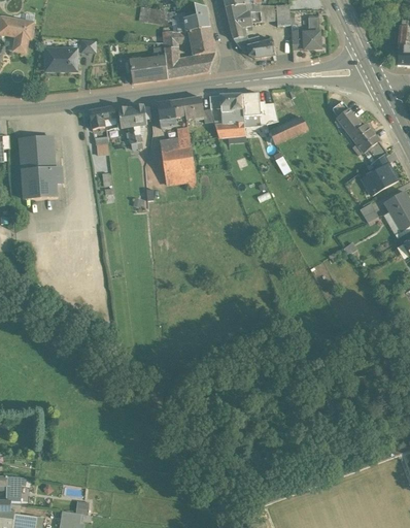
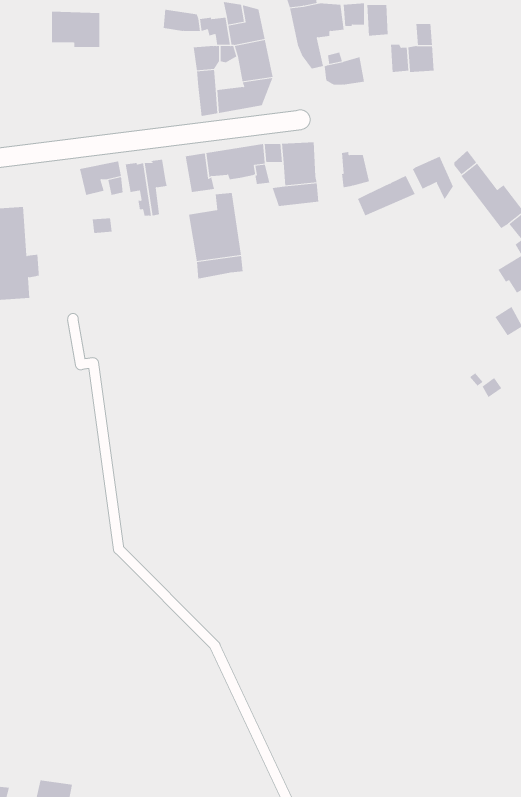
building: [45,48,77,72] -> [51,11,100,48]
building: [130,59,168,84] -> none
building: [242,93,261,118] -> none
building: none -> [412,156,454,200]

